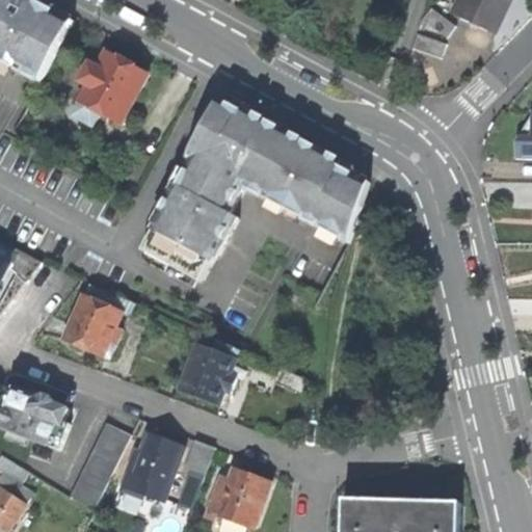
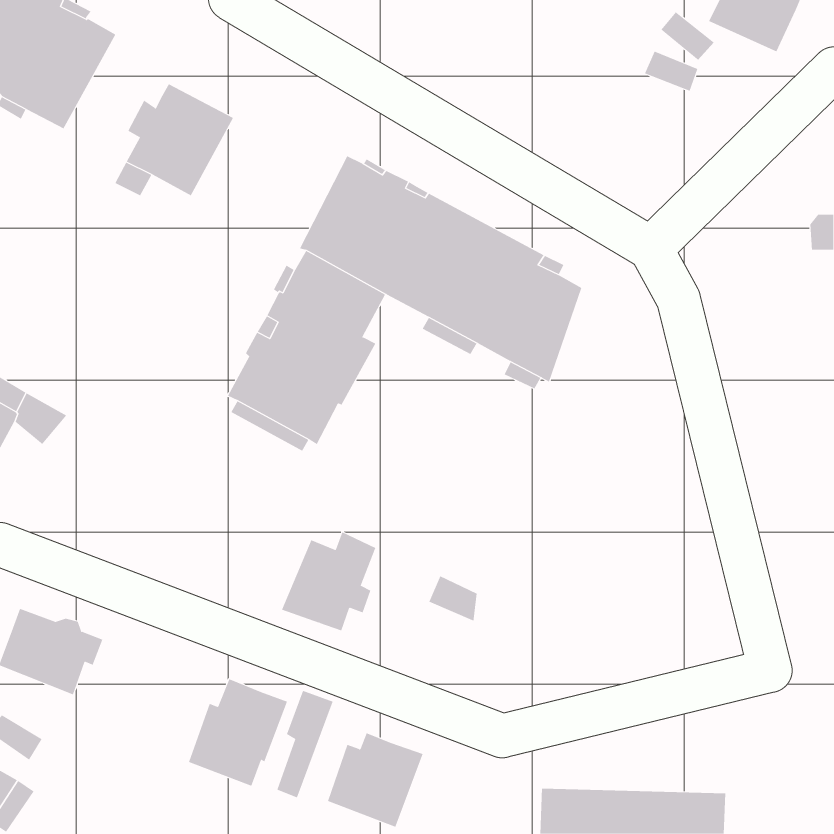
building: [62,292,121,353] -> none
building: [68,422,129,507] -> none

